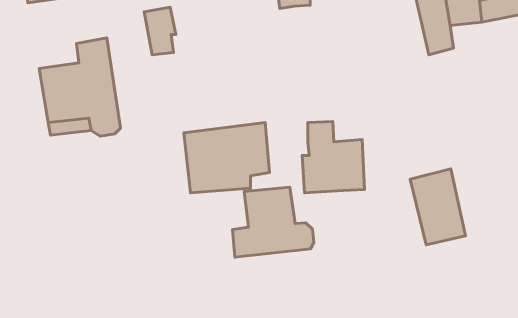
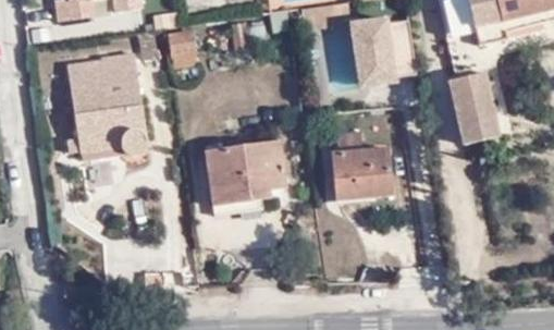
building: none -> [343,22,403,91]
building: [410,169,466,245] -> [439,69,492,142]
building: [233,187,314,257] -> none

